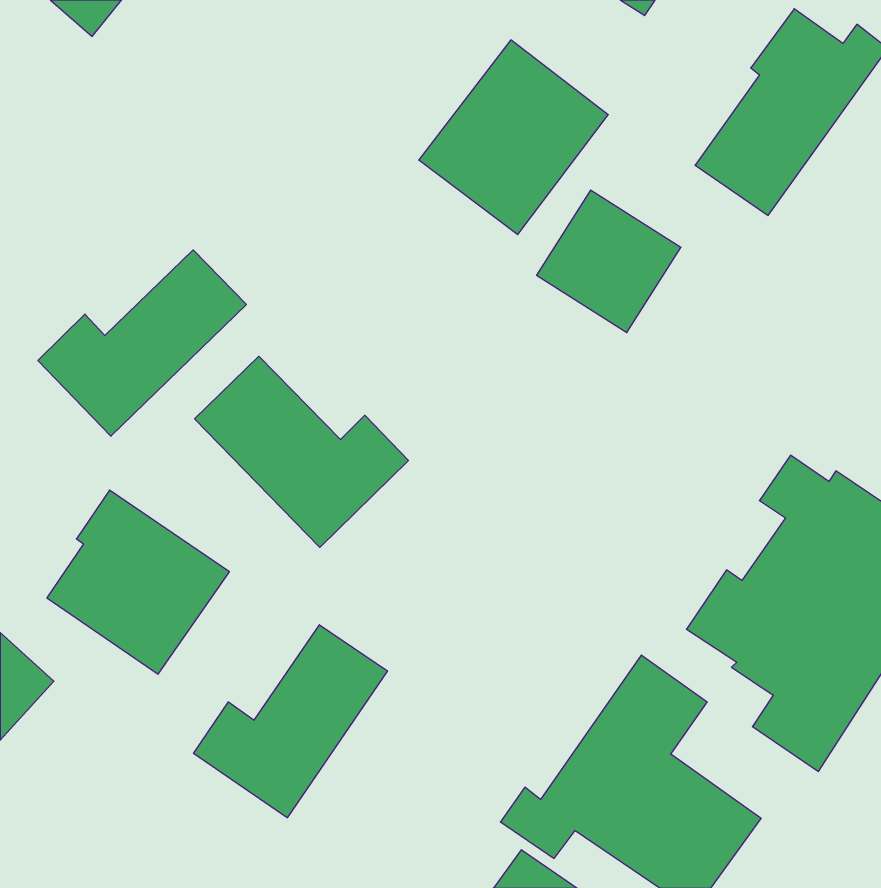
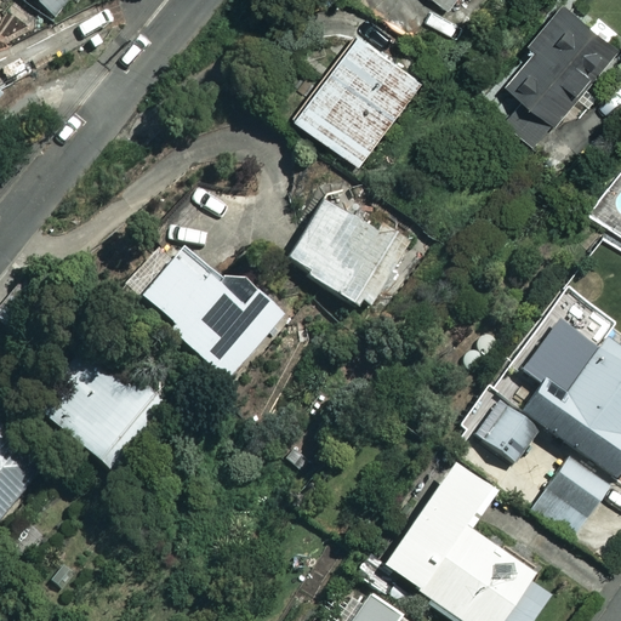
building: [537,190,681,333] -> [287,199,388,298]
building: [38,250,246,436] -> none
building: [194,625,387,818] -> none

